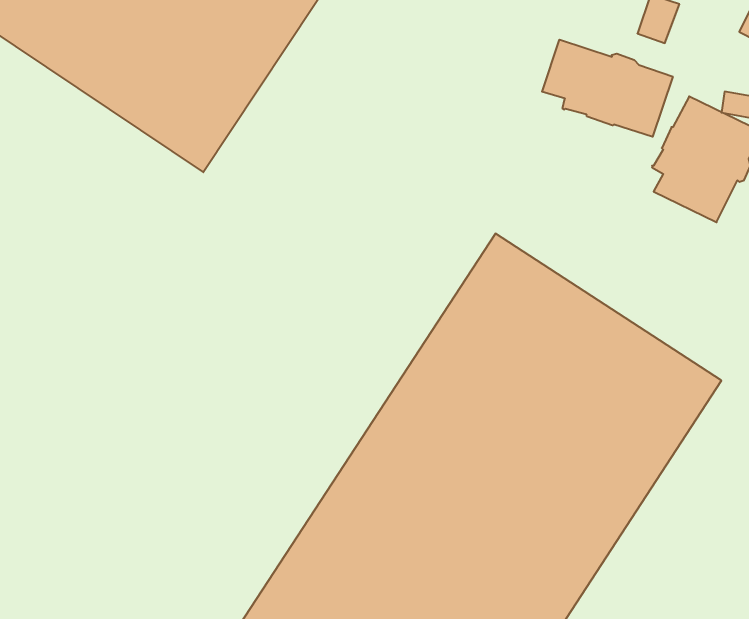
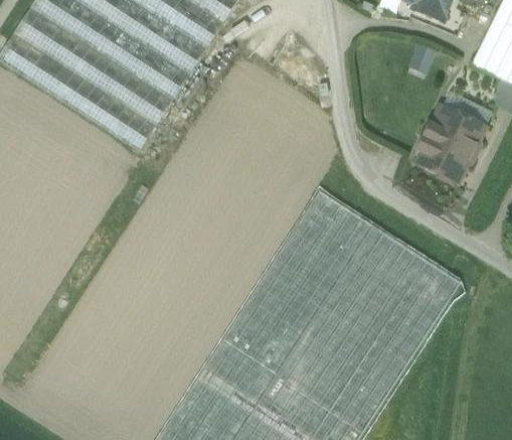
building: [542,40,673,137] -> none

